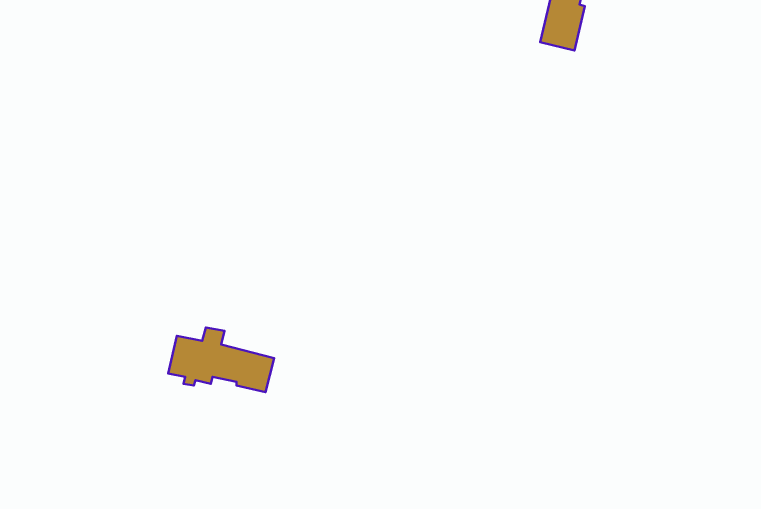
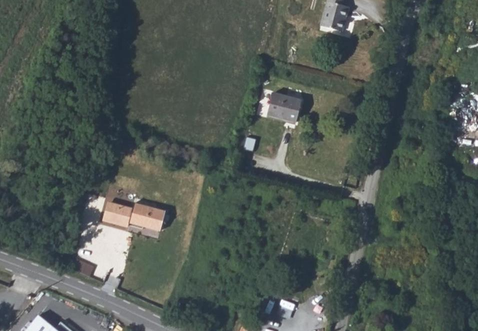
building: none -> [263,94,298,123]

